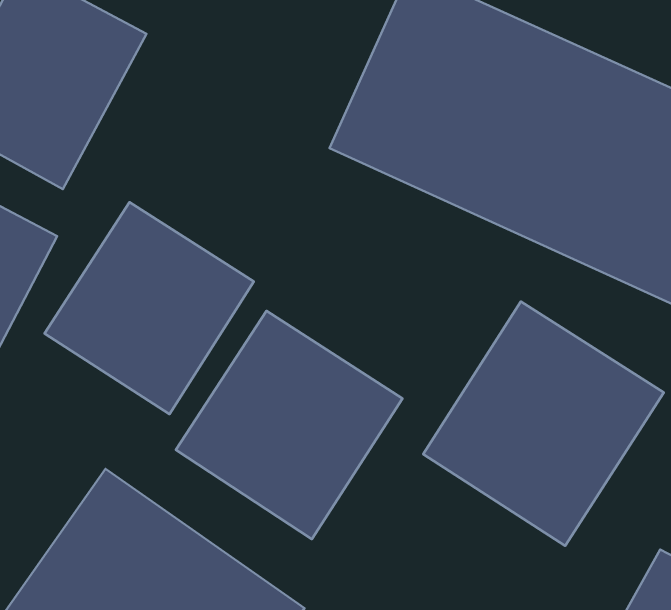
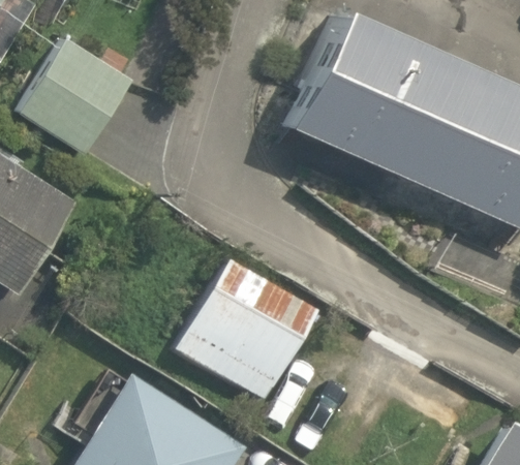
building: [45,202,254,414] -> none
building: [423,302,664,546] -> none

